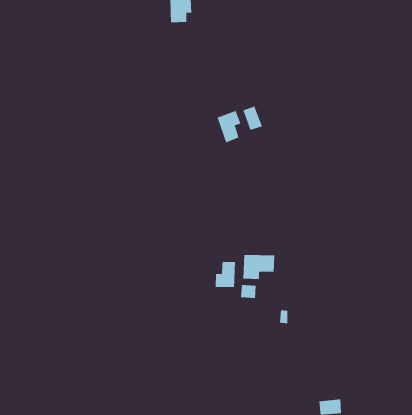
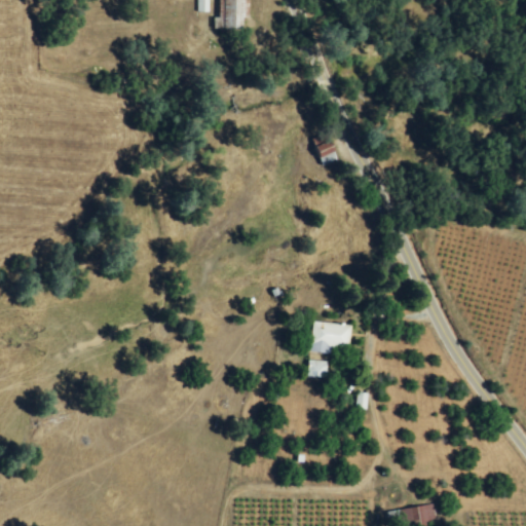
building: [217,110,241,143] -> none
building: [215,261,236,288] -> none

